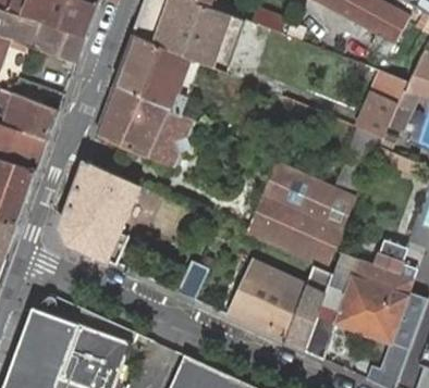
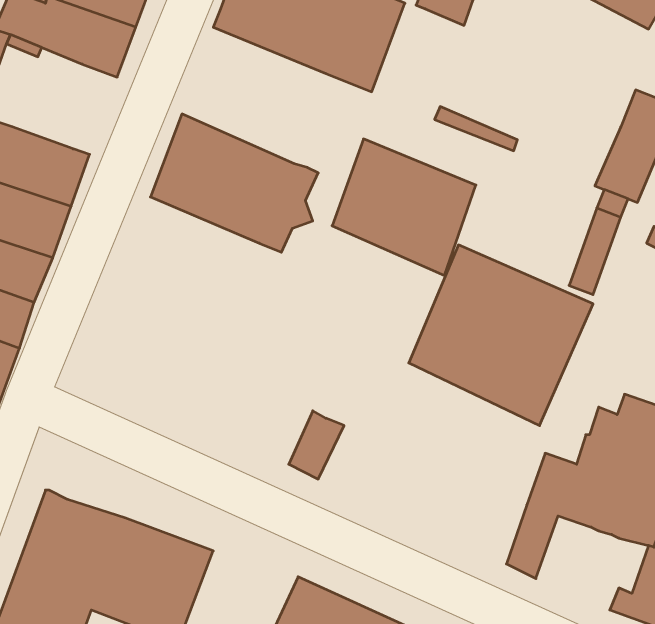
building: [112,34,197,114] -> [332,139,476,275]
building: [60,160,137,264] -> none
building: [226,262,331,350] -> none

